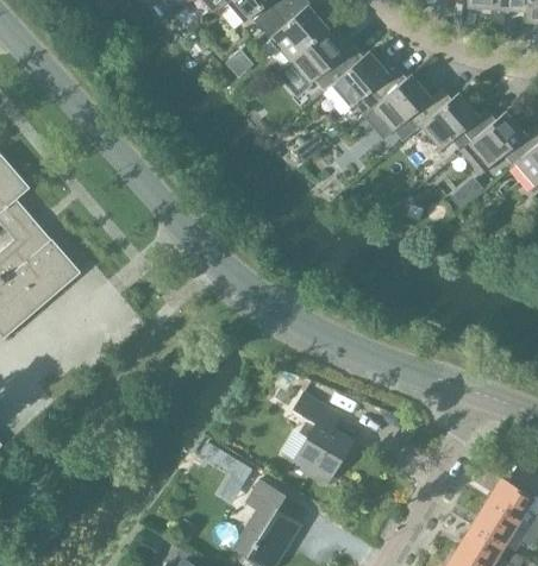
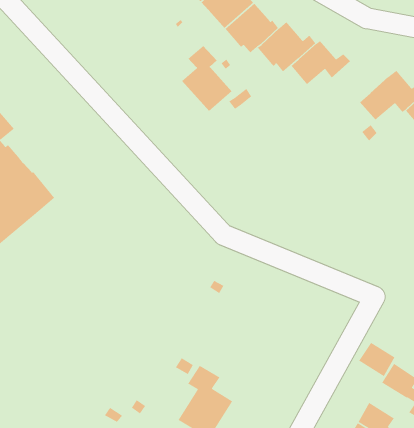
building: none -> [181,45,233,112]
building: [420,93,494,150] -> none
building: [290,394,352,486] -> none
building: [470,502,517,546] -> [358,342,396,377]

